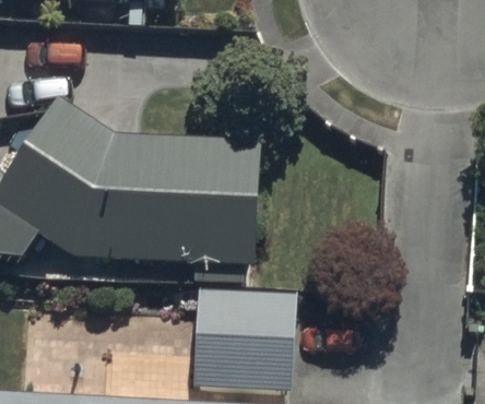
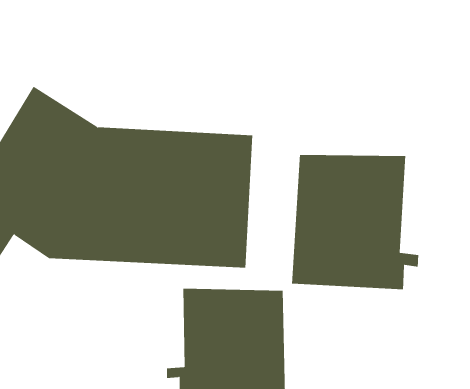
building: none -> [291,154,419,290]

